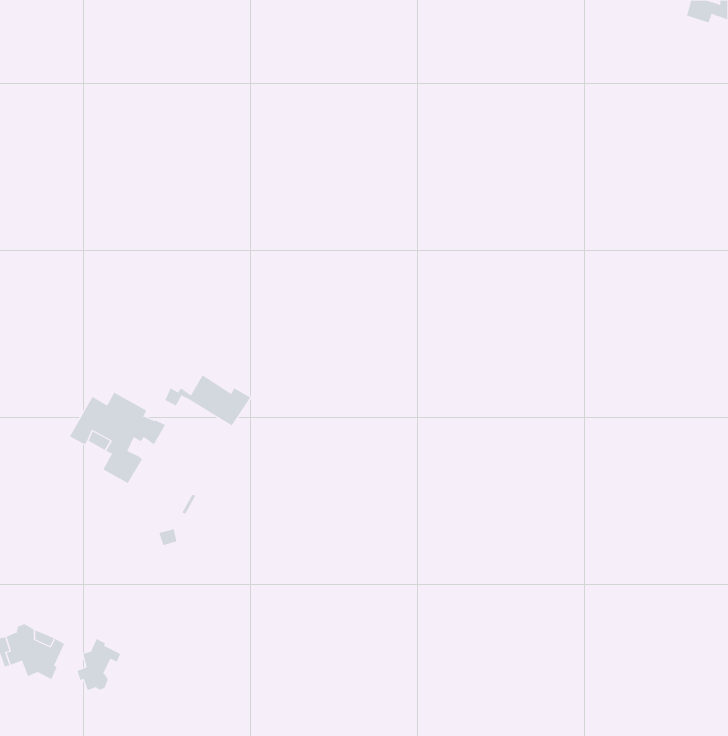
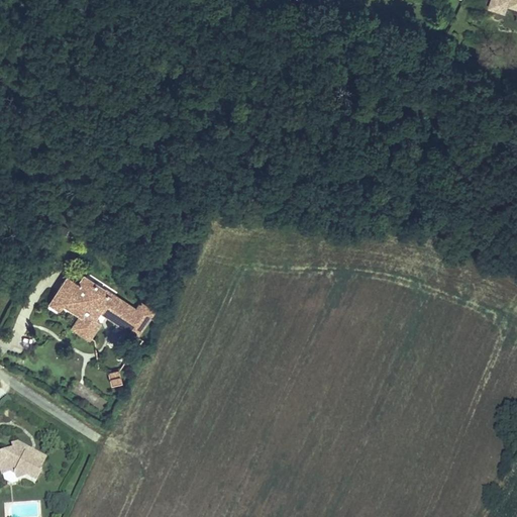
building: [165,374,251,426] -> [90,298,150,334]
building: [77,638,121,691] -> none

